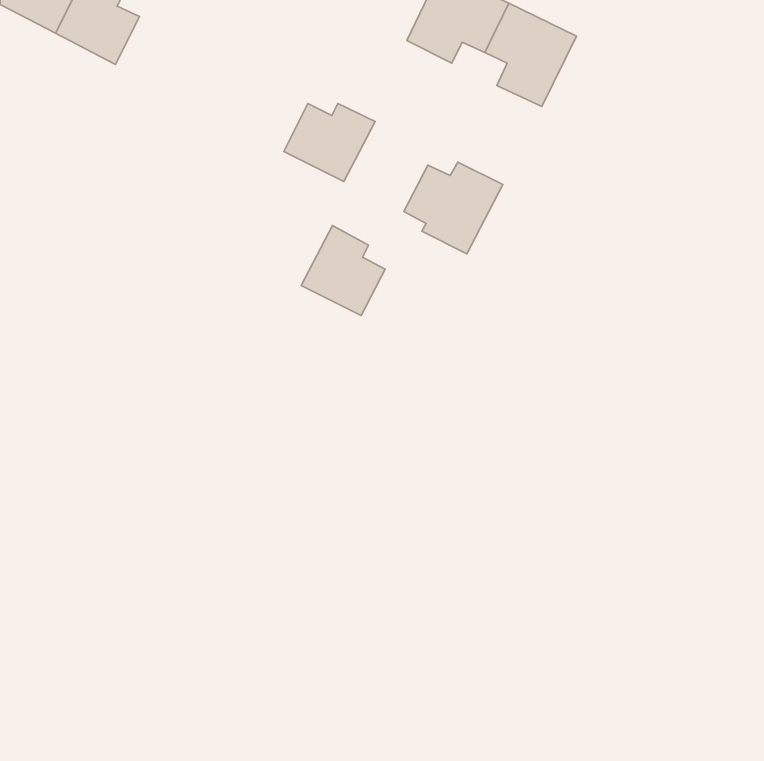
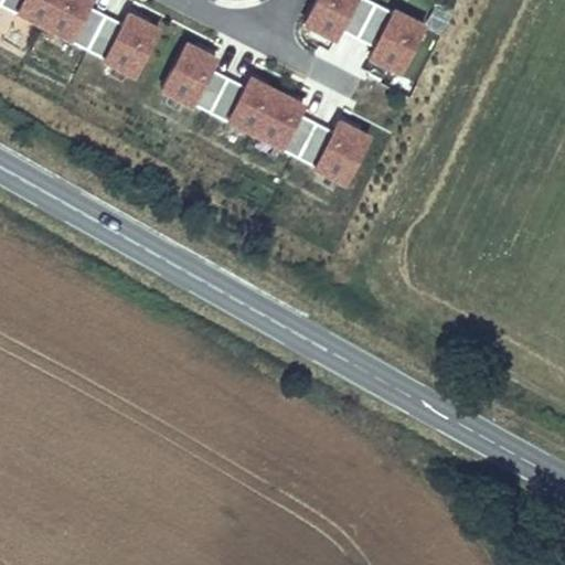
building: none -> [87,10,160,78]
building: none -> [159,42,228,111]
building: [301,226,385,316] -> [255,89,317,156]

